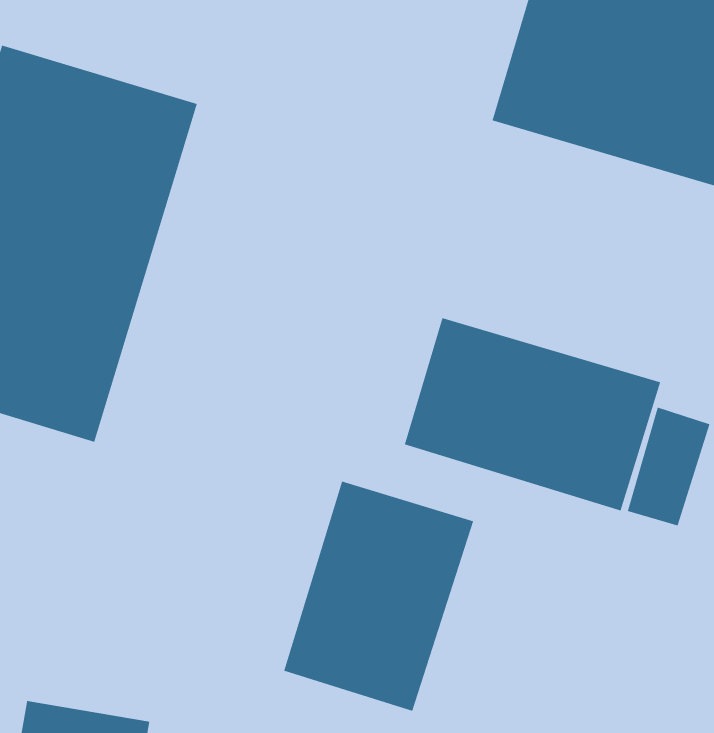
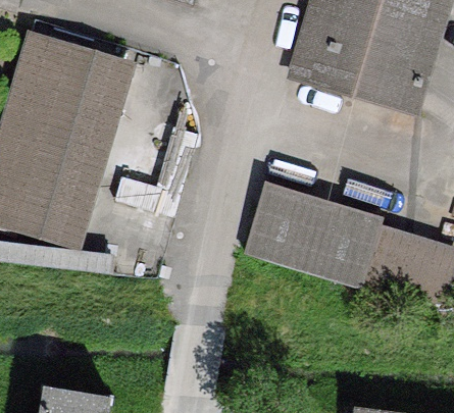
building: [283,481,474,712] -> none

